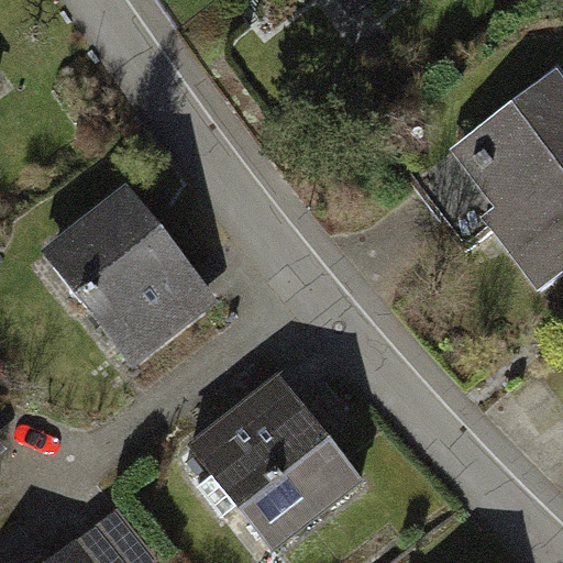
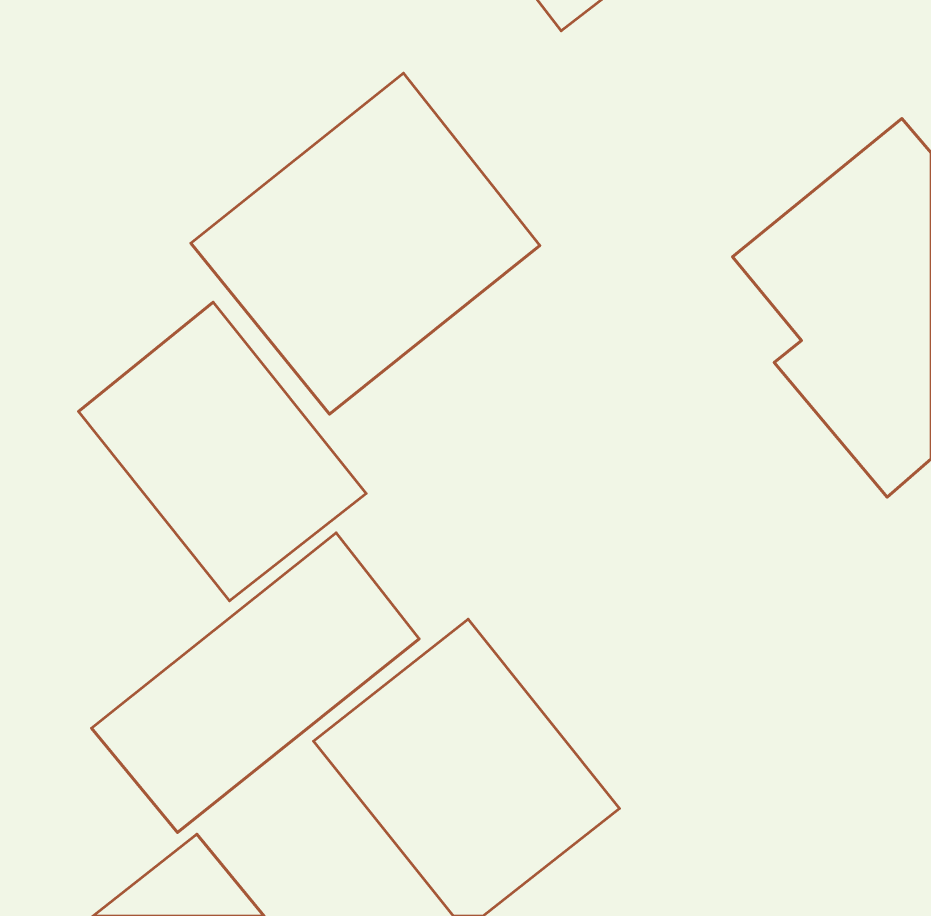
building: none -> [191,73,540,414]
building: none -> [92,533,419,833]

